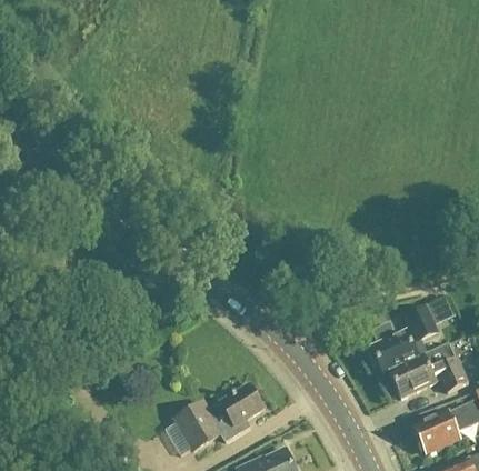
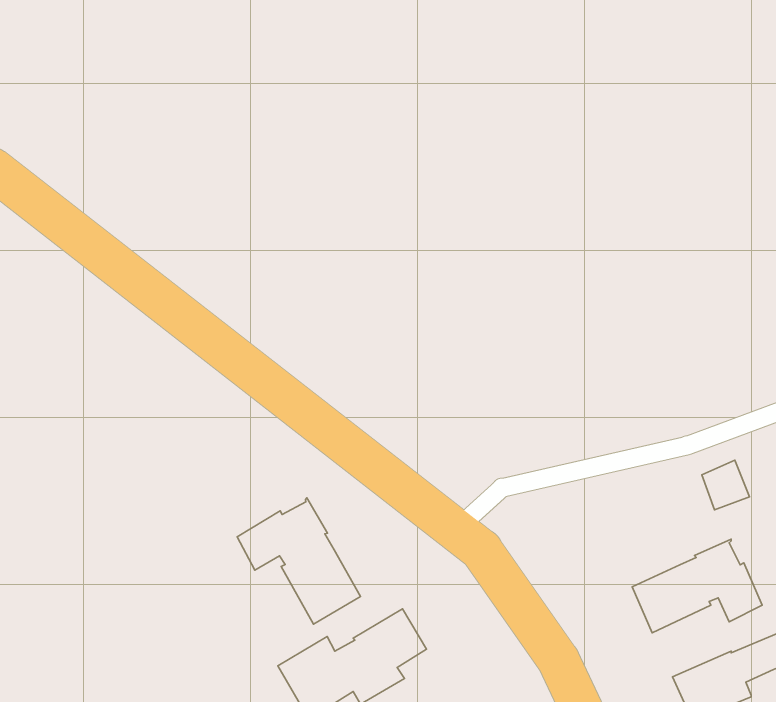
building: [368,304,437,373] -> none
building: none -> [237,498,361,624]

